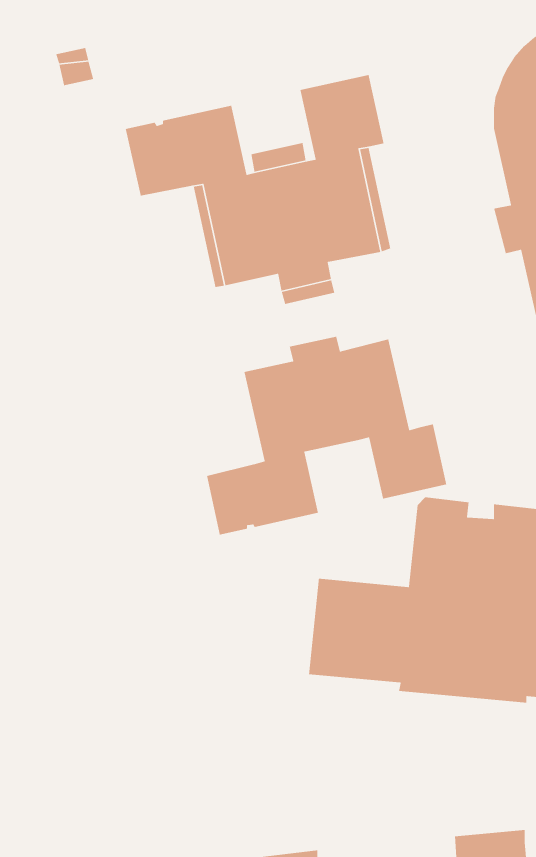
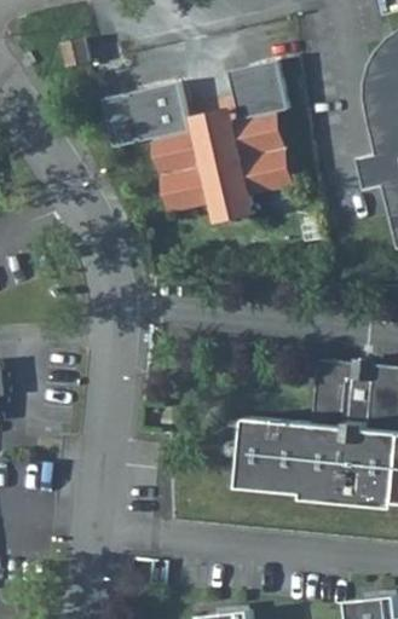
building: [206,336,447,535] -> none

